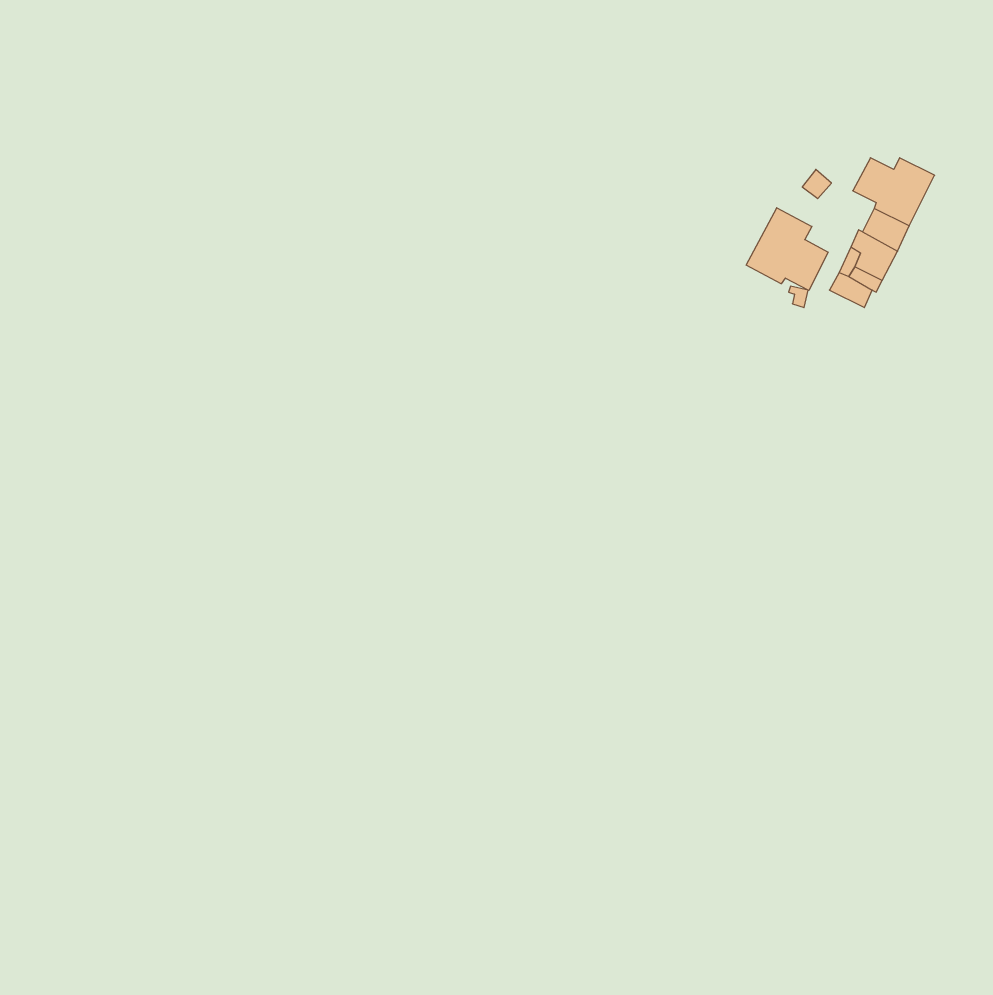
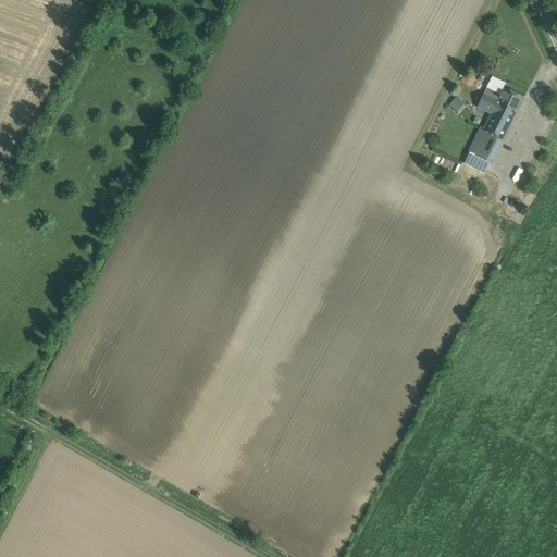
building: [746,208,828,290] -> none

